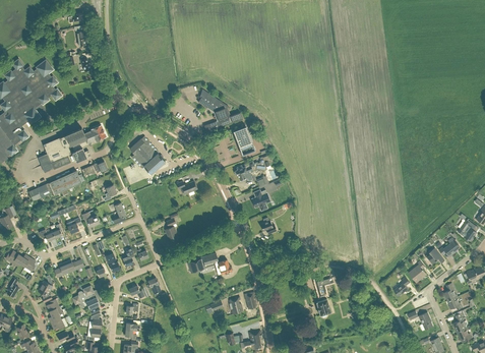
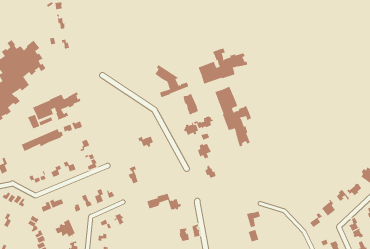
building: none -> [198,48,248,84]
building: none -> [214,86,252,147]
building: [129,135,165,174] -> none

